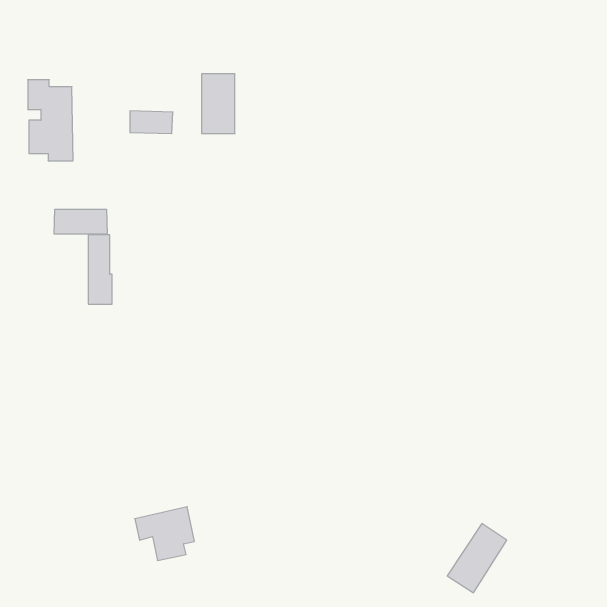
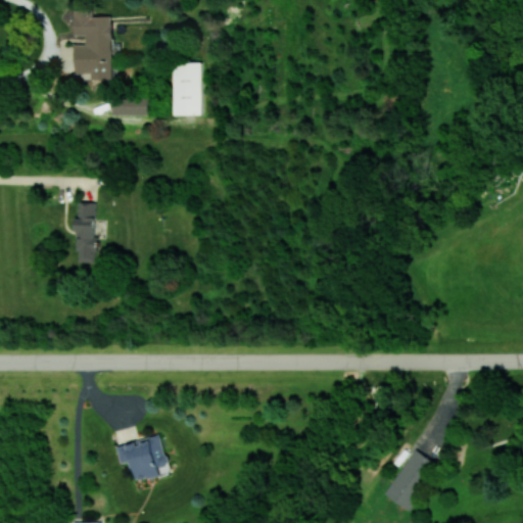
building: [28,80,73,161] -> [73,11,111,81]
building: [54,209,107,234] -> none

